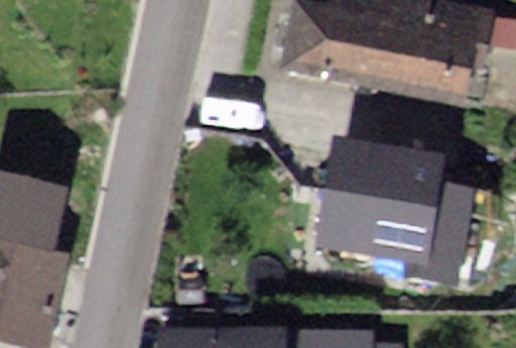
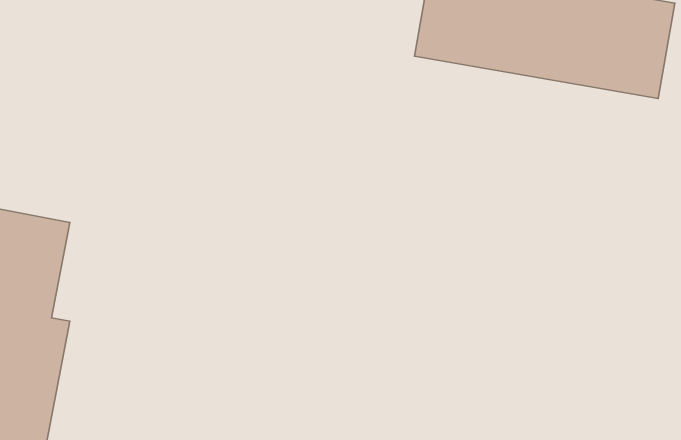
building: [340,149,443,255] -> none

